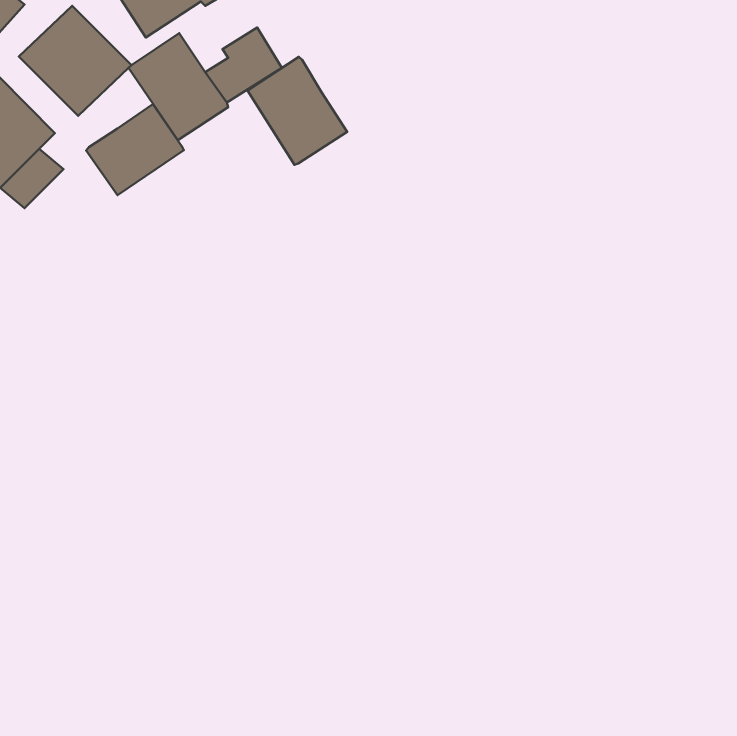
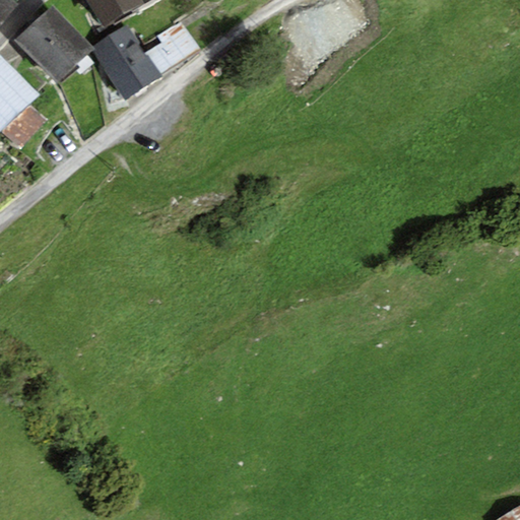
building: [247,57,347,165] -> none
building: [86,104,184,195] -> none

